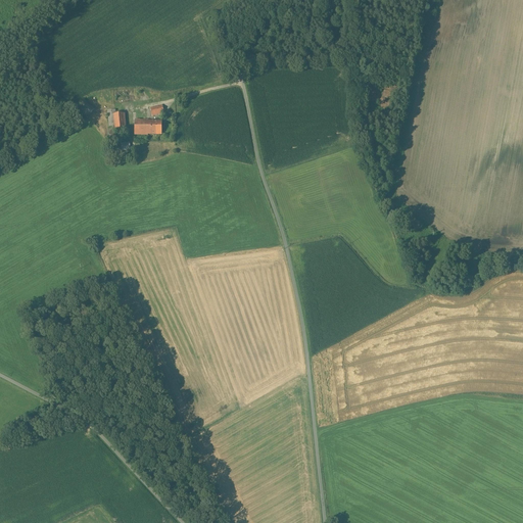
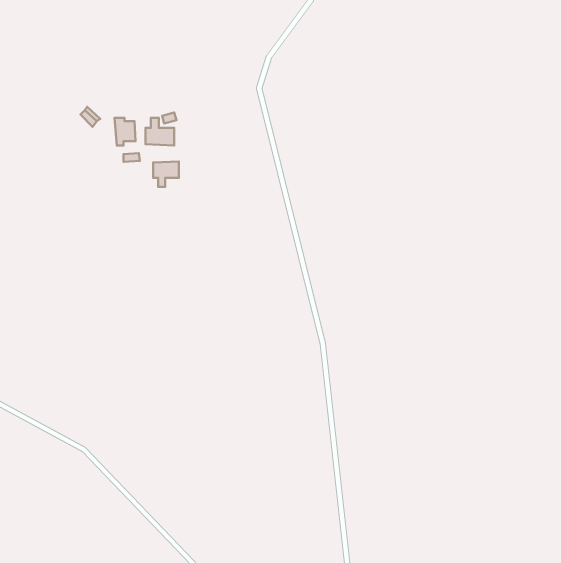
building: none -> [153,162,179,187]

